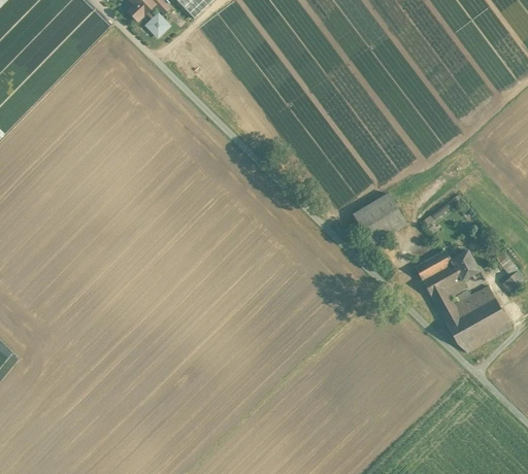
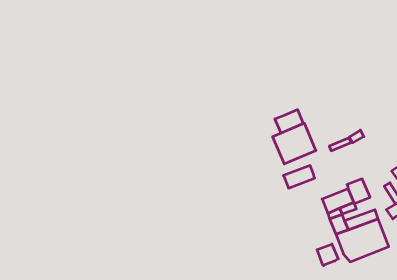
building: none -> [275,110,303,133]
building: [415,249,453,280] -> [283,166,315,188]
building: none -> [317,244,338,266]

